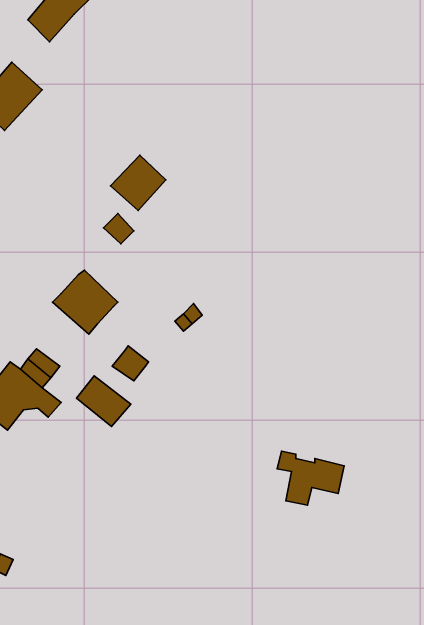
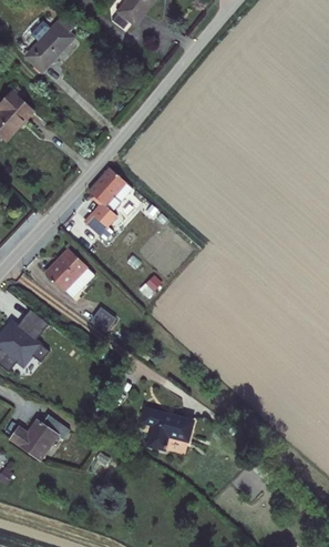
building: [77,376,131,427] -> none
building: [277,451,344,505] -> [142,411,193,452]
building: none -> [10,417,69,462]

